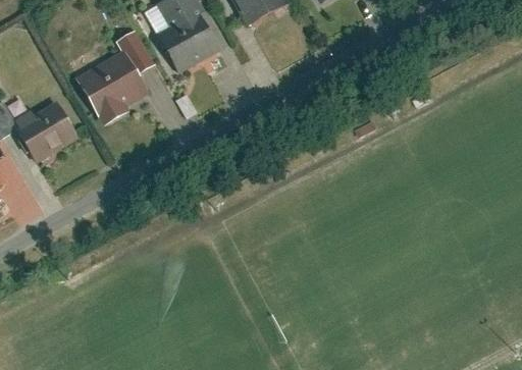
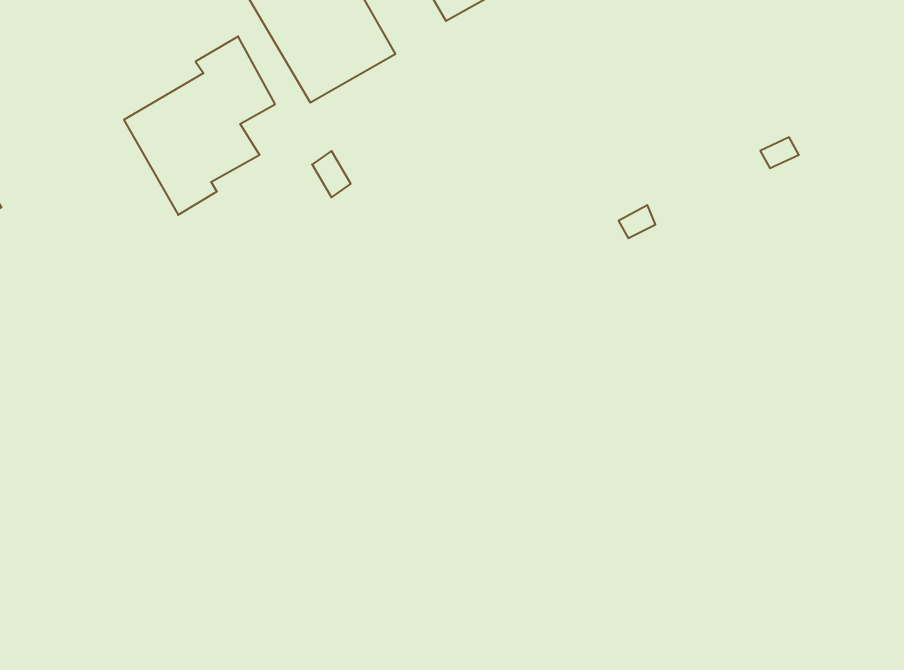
building: [18,102,80,163] -> none

